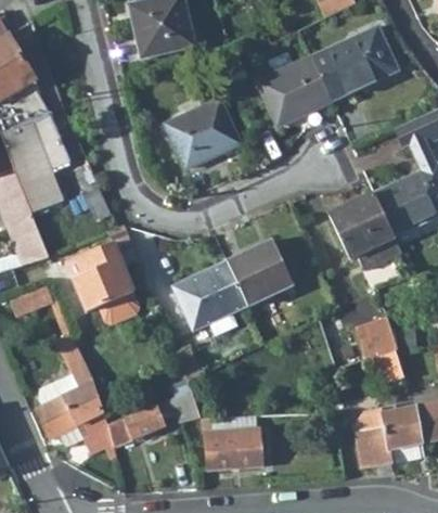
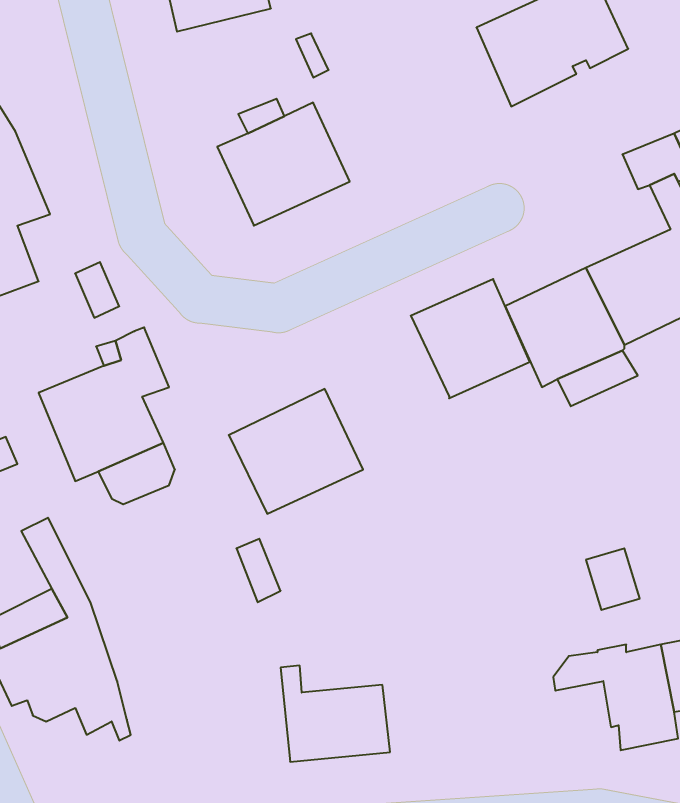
building: [257,55,332,125] -> none
building: [227,239,294,306] -> [411,279,530,398]
building: [356,316,398,359] -> none
building: [110,389,202,446] -> none
building: [355,424,394,466] -> none

